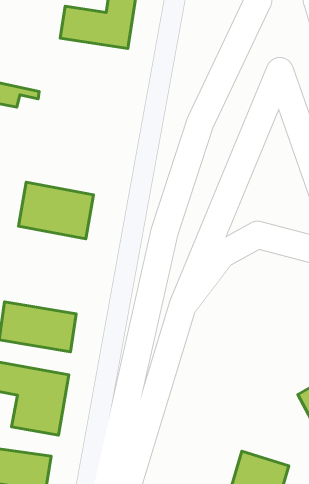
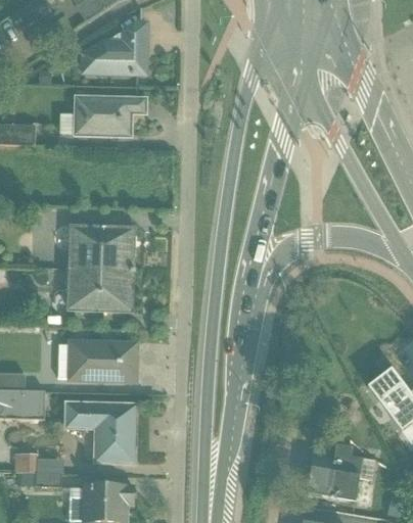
building: none -> [73,94,144,135]
building: none -> [64,264,133,310]

